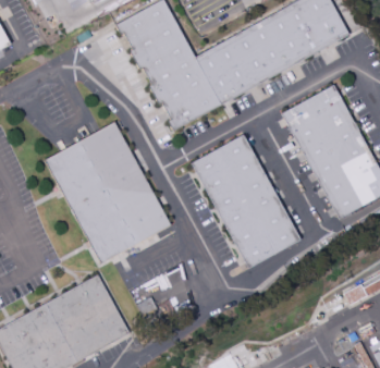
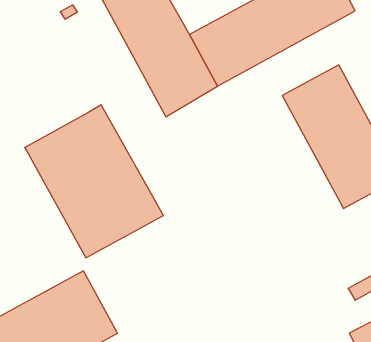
building: [192,135,302,269] -> none

